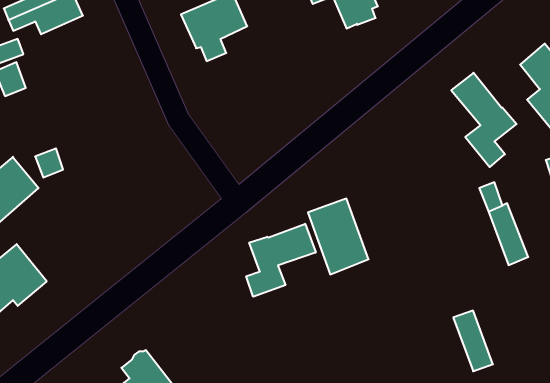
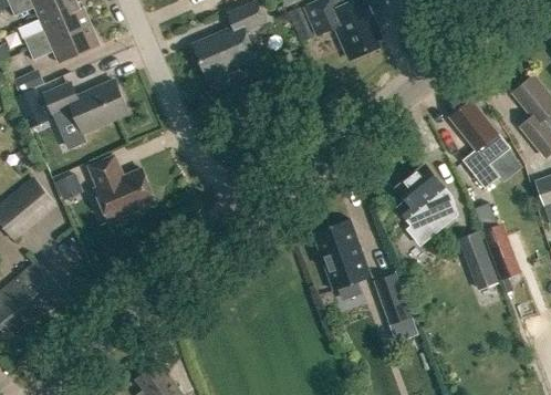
building: none -> [42,81,126,133]
building: none -> [87,156,155,221]
building: none -> [395,165,456,245]
building: [246,224,316,297] -> none
building: none -> [374,273,409,324]
building: [453,311,493,371] -> [462,233,500,291]

